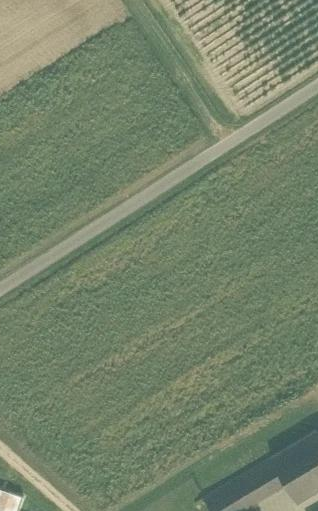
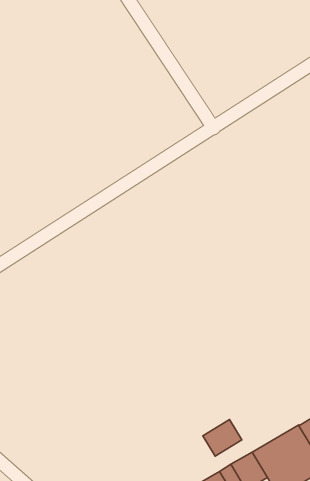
building: none -> [203,419,242,456]

